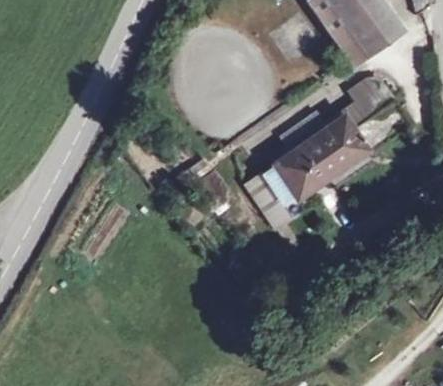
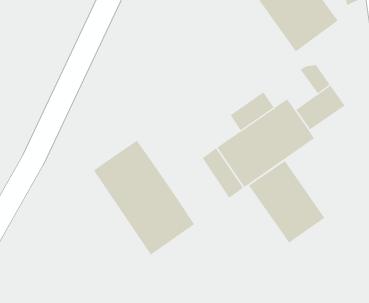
building: none -> [93,140,195,255]
building: none -> [248,160,325,243]

